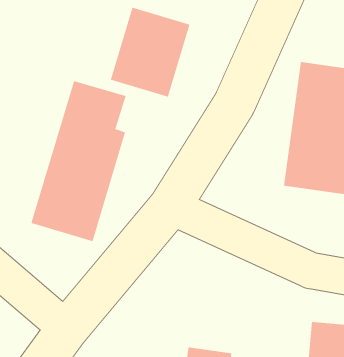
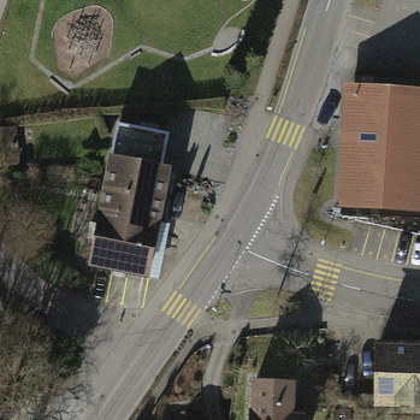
building: [110,7,190,98] -> none

